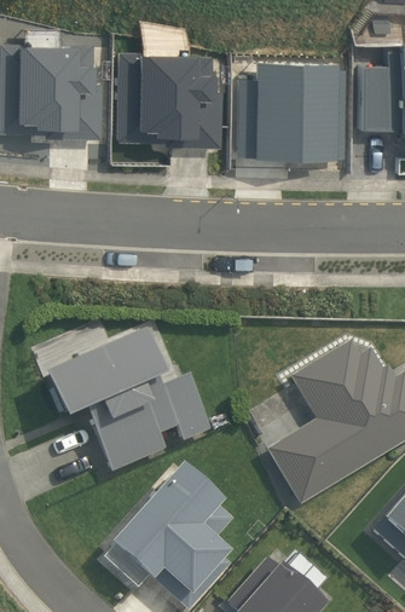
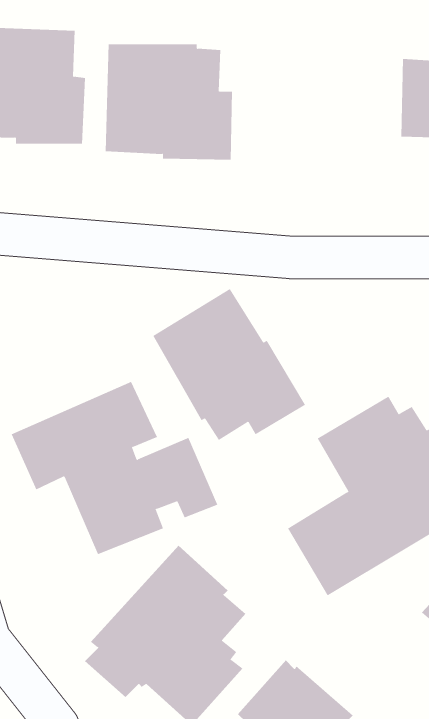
building: [253,53,336,151] -> none
building: none -> [152,288,306,441]

